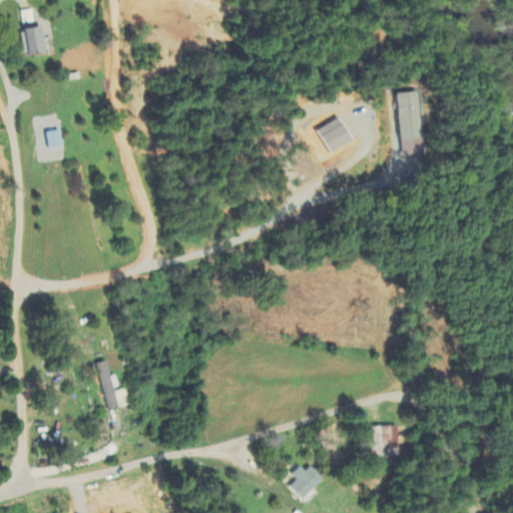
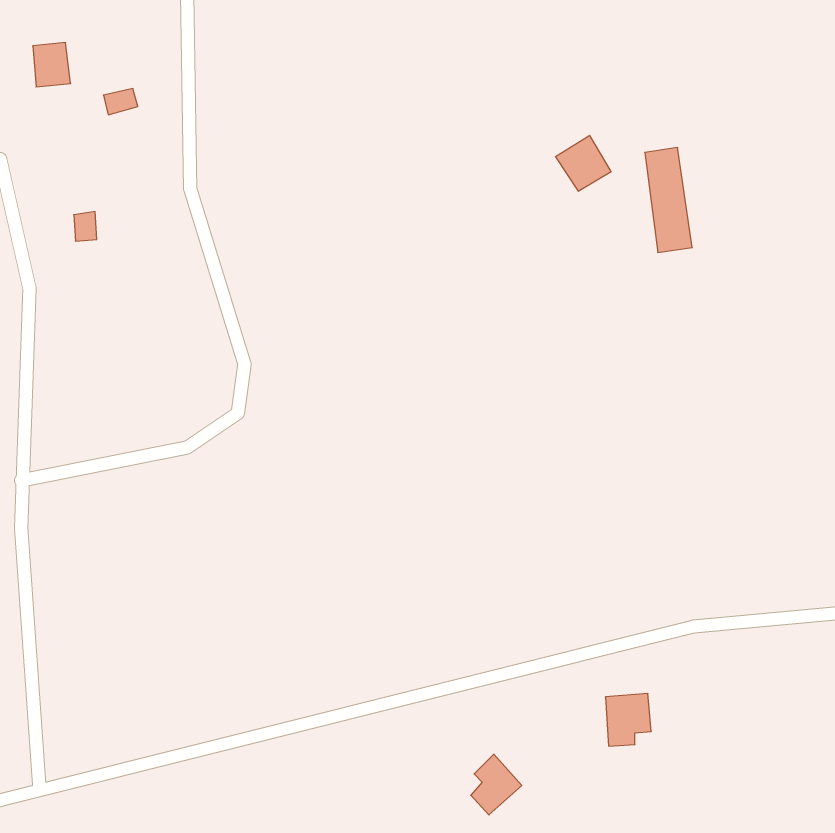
building: [318,117,352,151] -> [555,135,611,191]
building: [97,360,131,409] -> none

